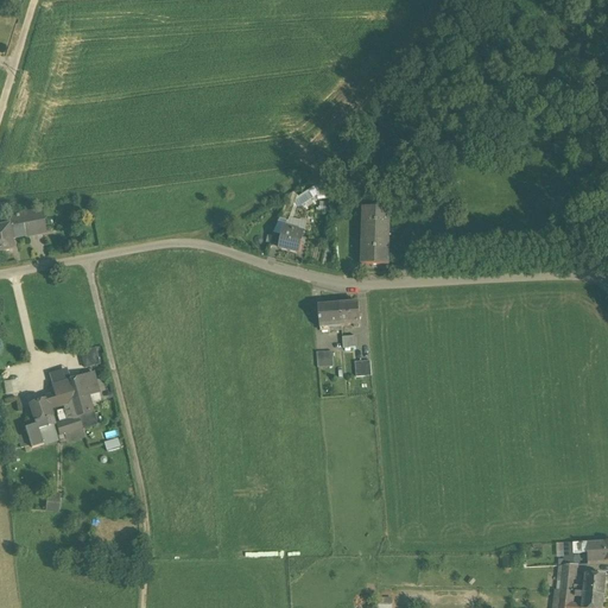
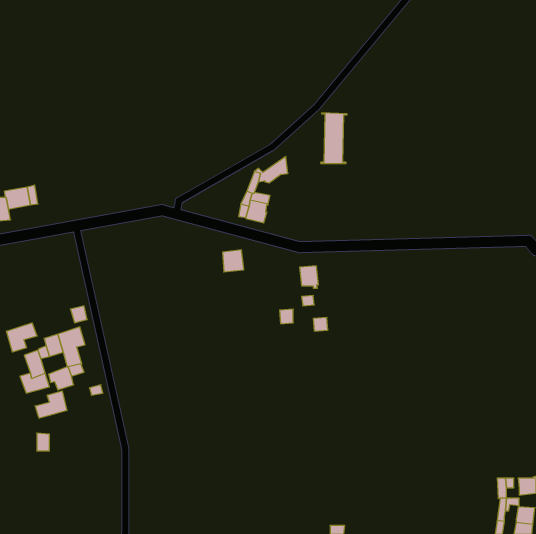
building: [360,205,390,262] -> [321,113,347,163]
building: [317,302,341,327] -> [223,250,244,272]
building: none -> [6,323,37,352]
building: none -> [35,391,67,418]

